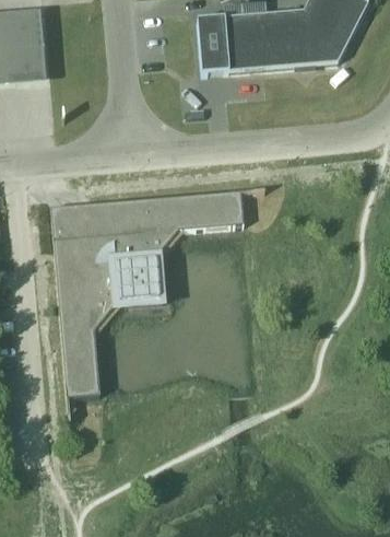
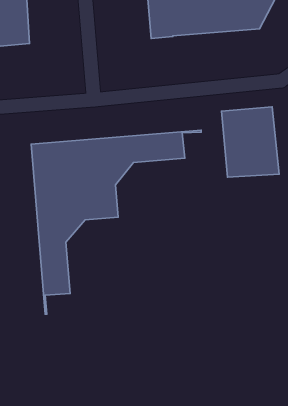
building: none -> [222,107,279,177]

